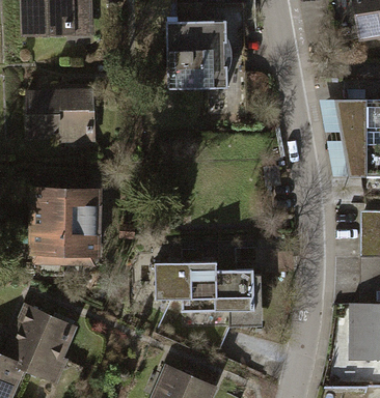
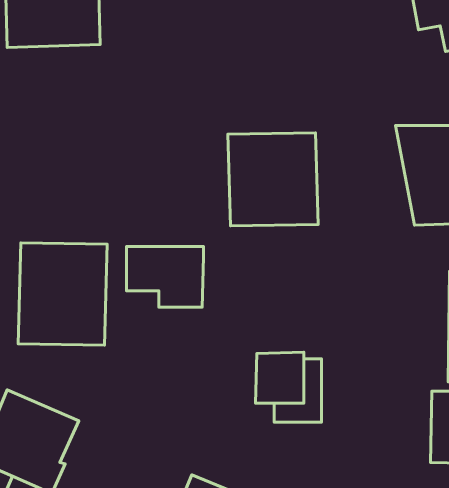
building: [164,21,234,92] -> [228,133,318,226]
building: [26,89,97,140] -> none
building: [155,264,214,311] -> [127,246,203,307]

